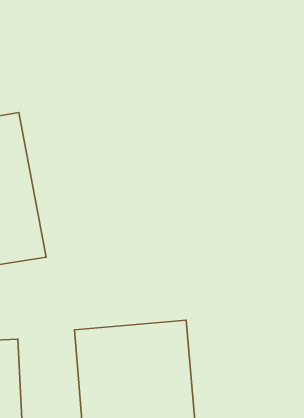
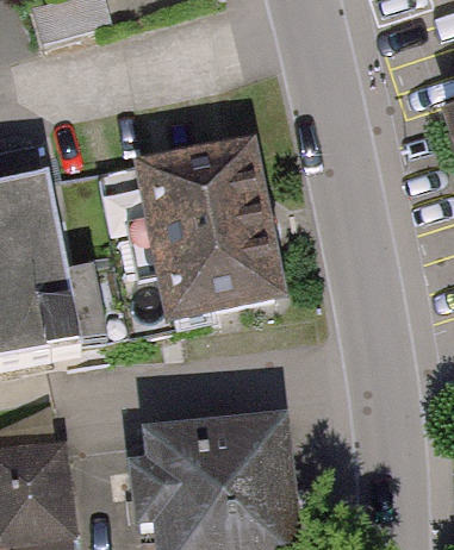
building: none -> [138,151,270,321]

